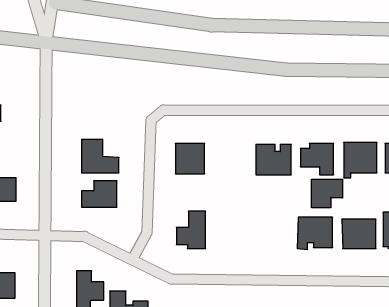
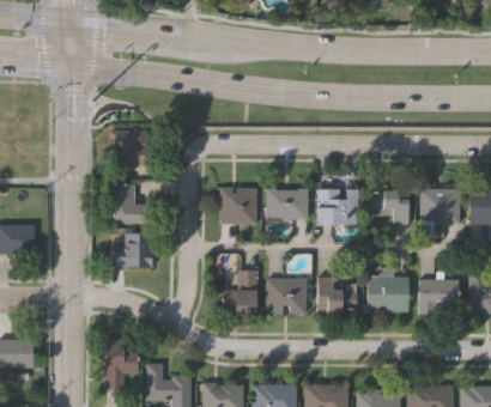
building: none -> [103,129,154,171]
building: none -> [266,187,308,218]
building: [312,179,343,208] -> none
building: none -> [315,274,357,311]
building: none -> [265,278,307,316]

